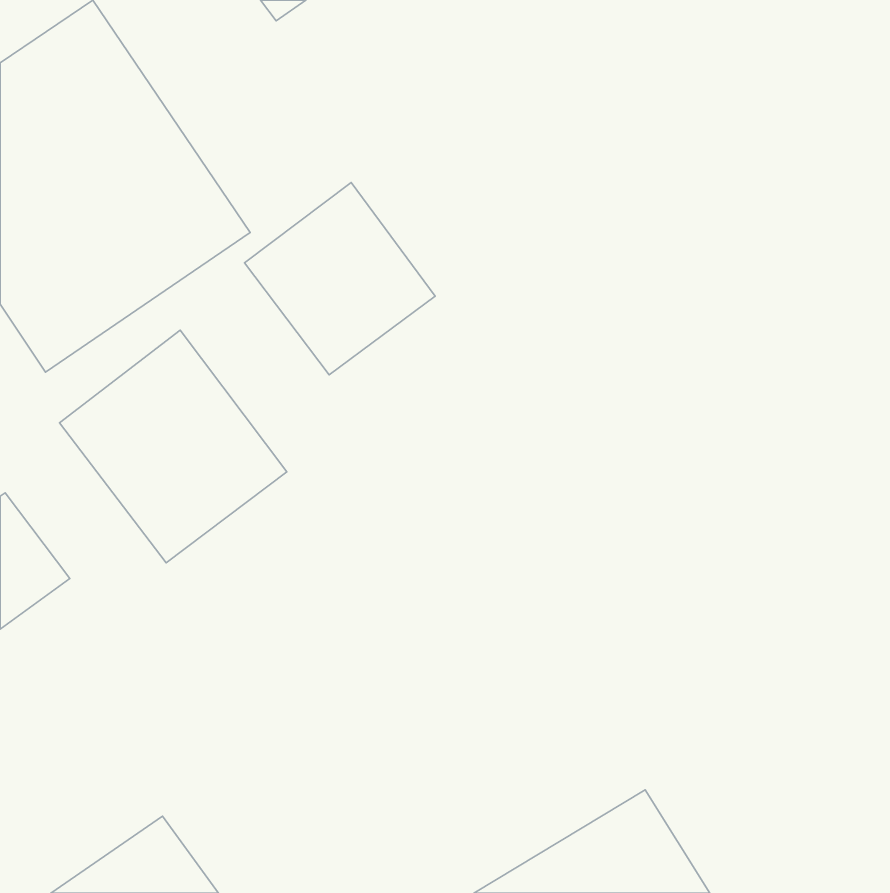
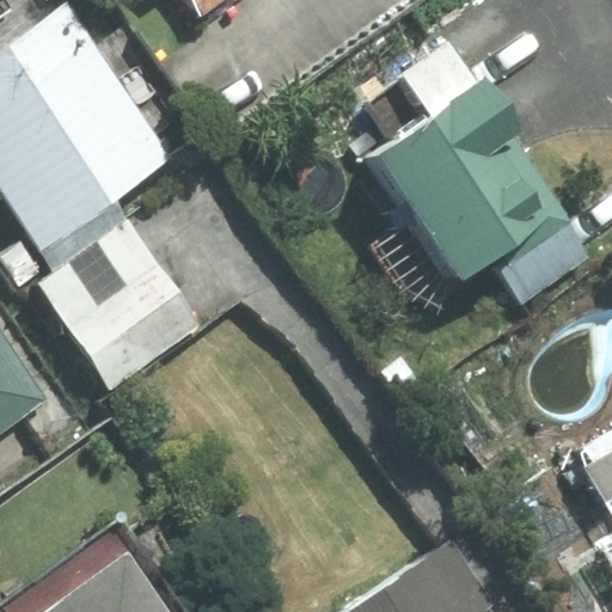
building: none -> [356,82,592,306]
building: [245,183,435,375] -> none

